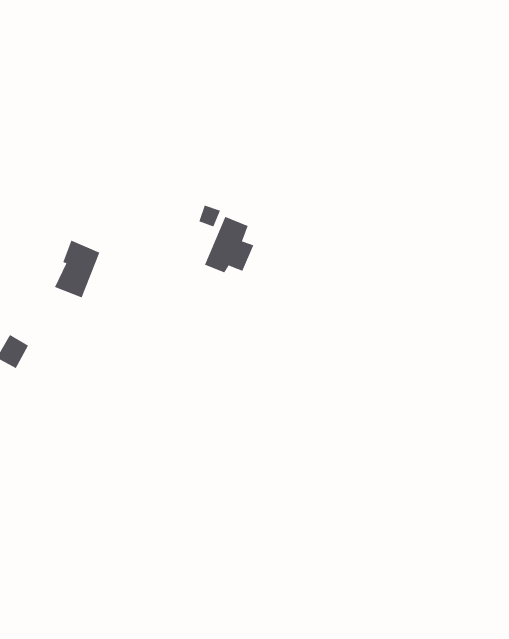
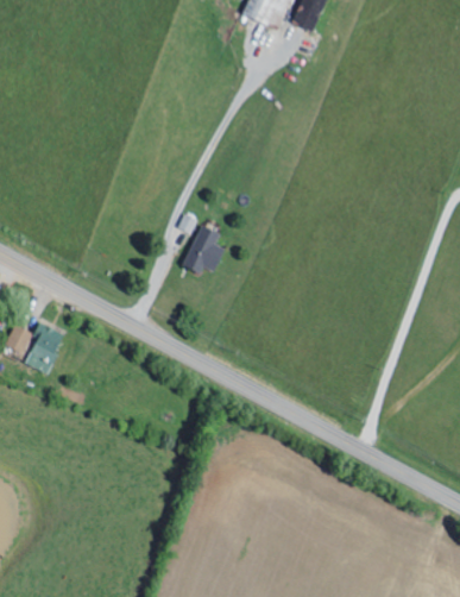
building: [54,240,100,298] -> [25,323,64,373]

